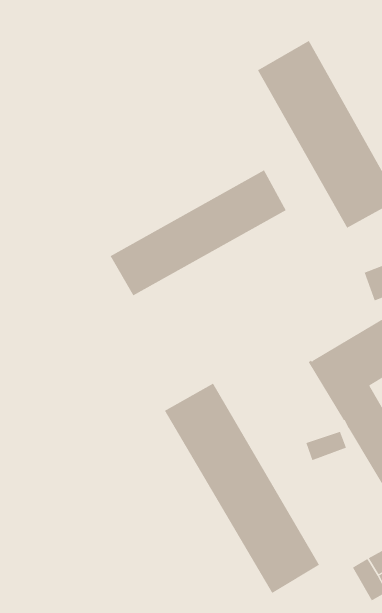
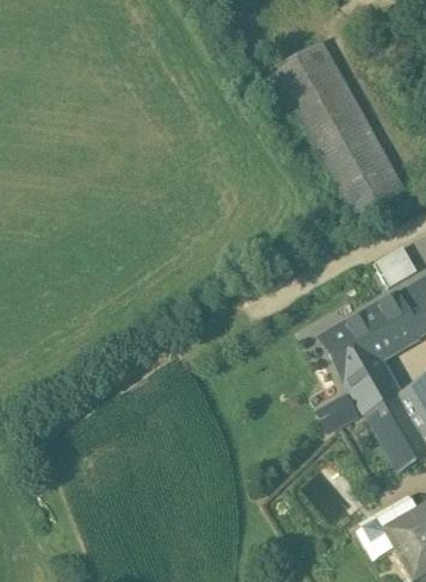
building: [110,169,286,296] -> none
building: [164,383,320,594] -> none

